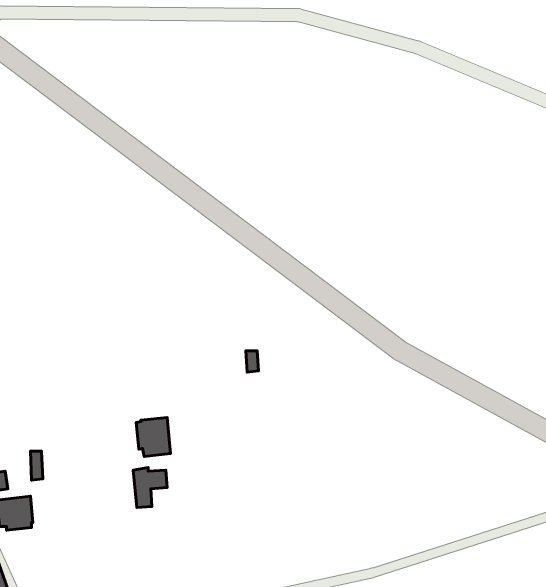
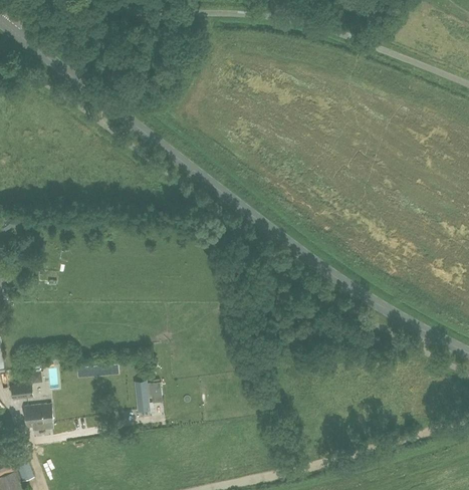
building: [136,418,170,456] -> none

